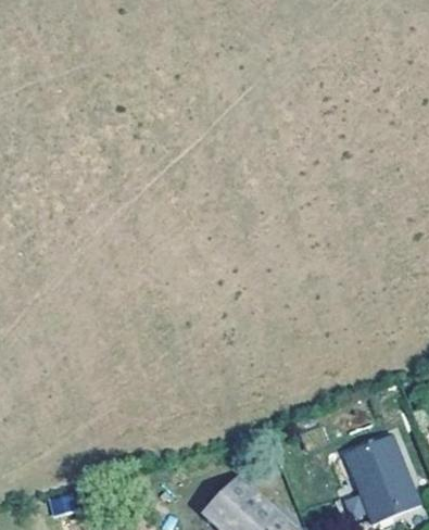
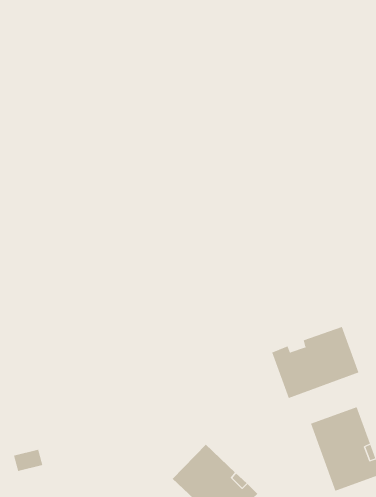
building: none -> [272,326,359,399]

